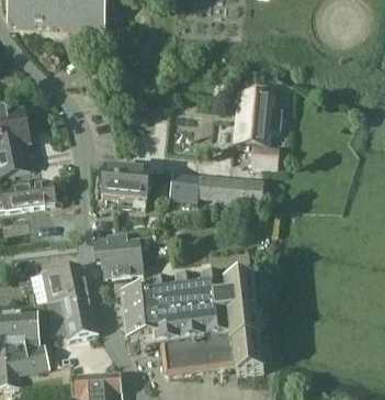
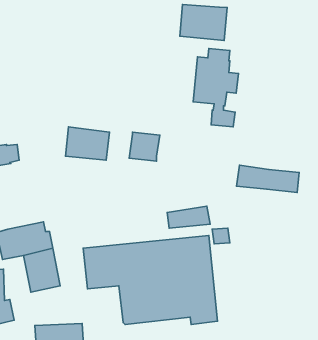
building: none -> [180,4,227,41]
building: [197,174,263,202] -> [236,165,299,192]
building: [92,235,169,276] -> none

